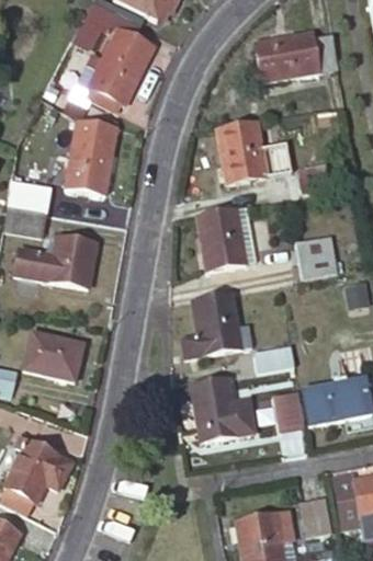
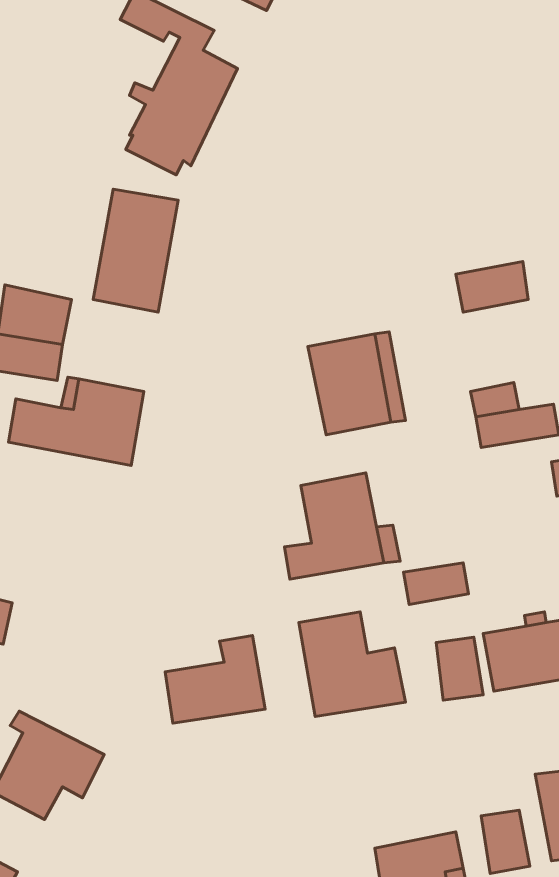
building: [256,33,339,81] -> none
building: [217,121,268,183] -> none
building: [25,331,84,381] -> none
building: none -> [165,635,265,723]

